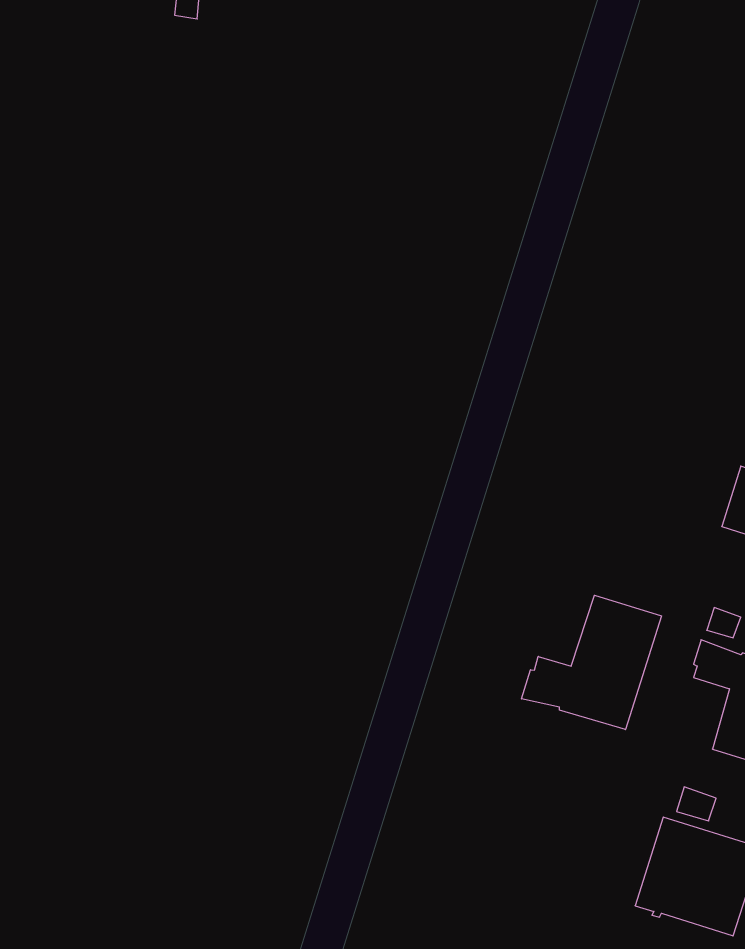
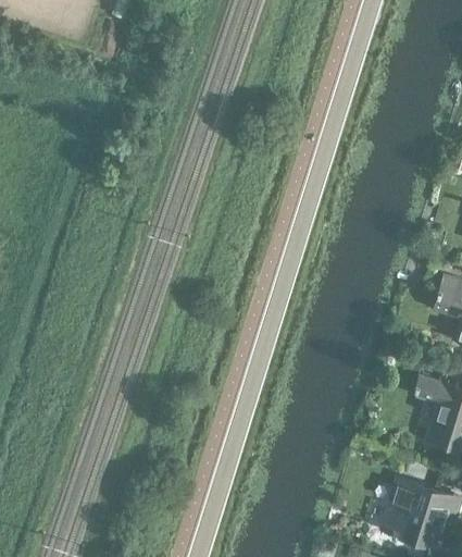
building: [522,595,662,730] -> none

